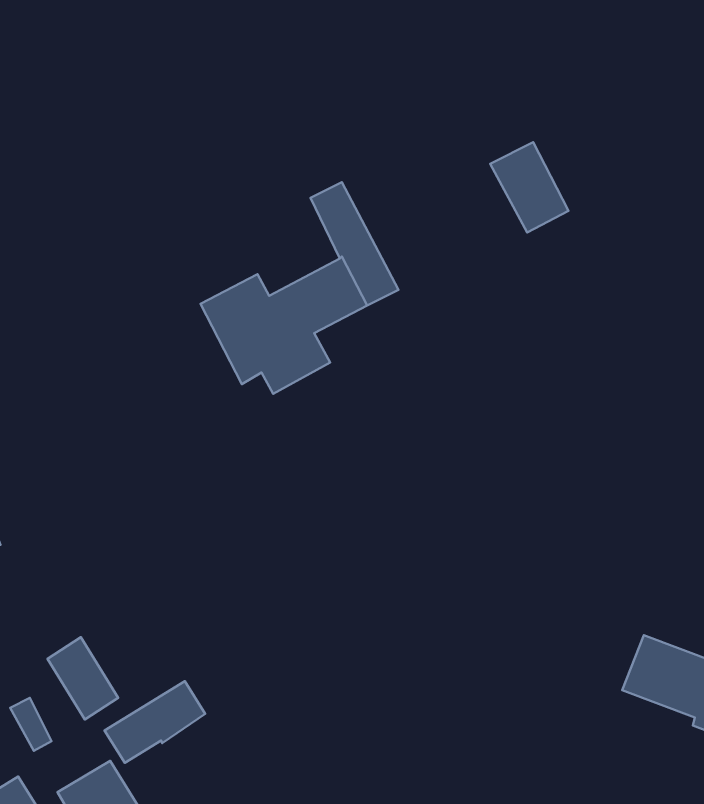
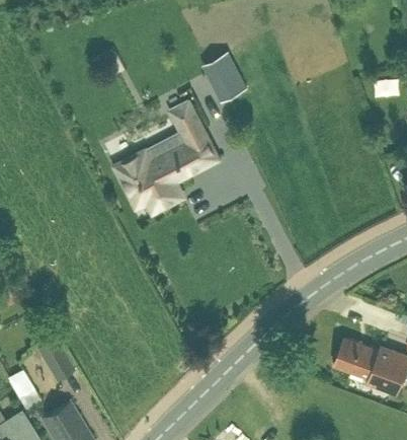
building: [490,142,568,232] -> [204,56,244,102]
building: [104,681,205,763] -> none

